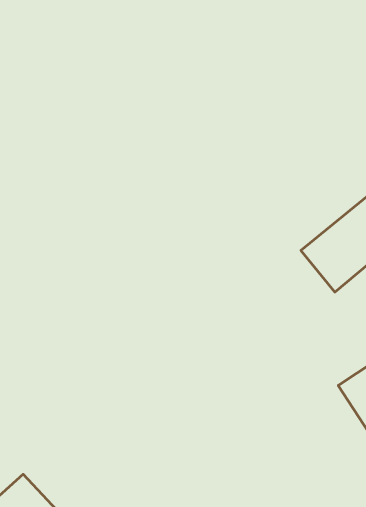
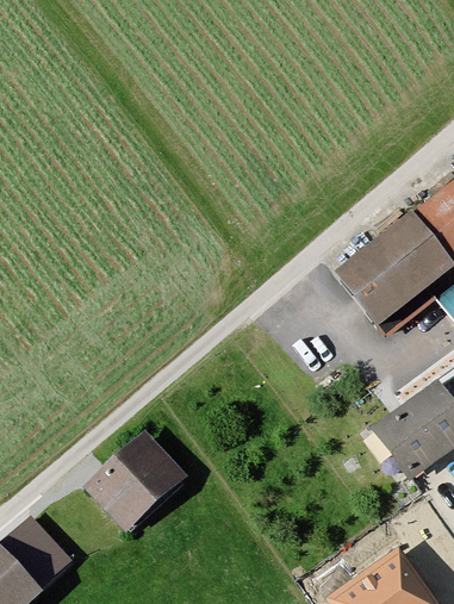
building: none -> [93,437,181,525]

